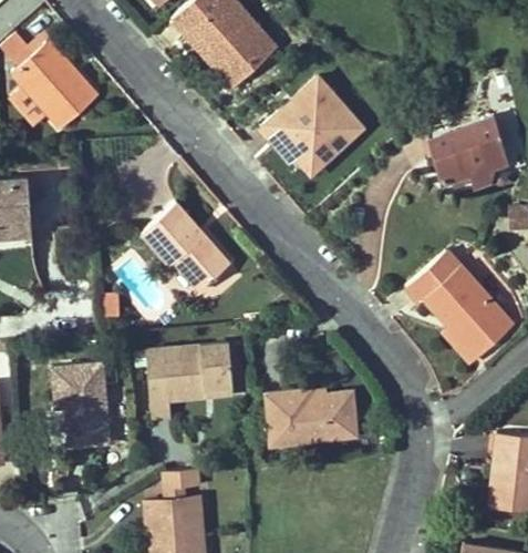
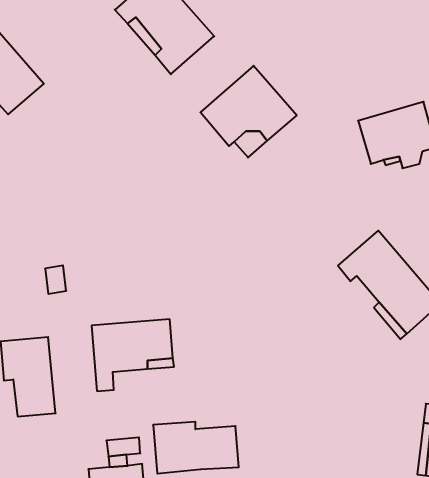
building: [138,201,227,288] -> none
building: [267,388,356,442] -> [153,422,239,474]

